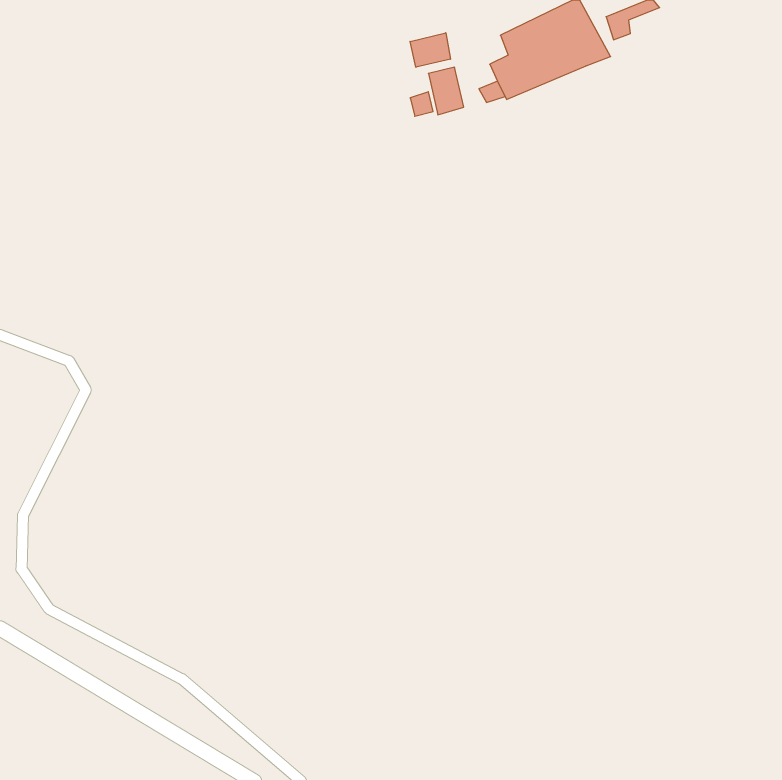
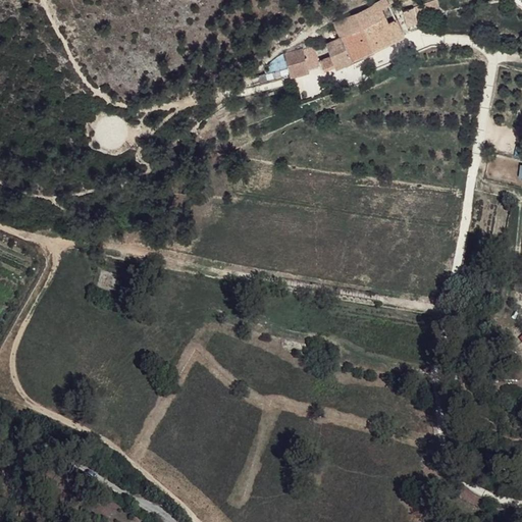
building: [410,33,450,67] -> none

